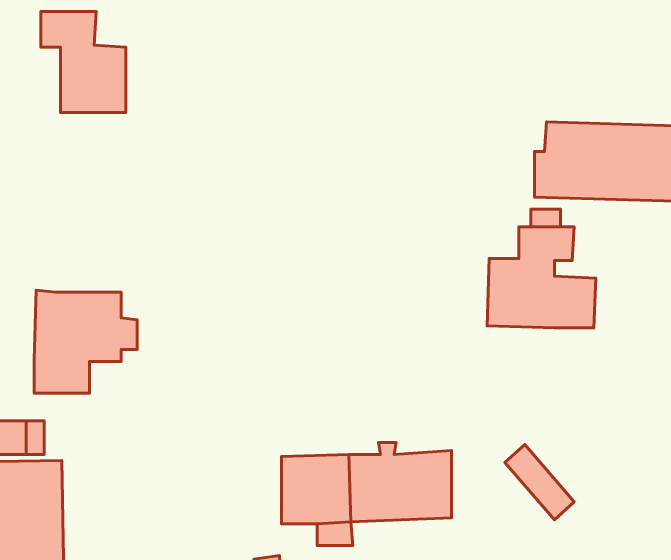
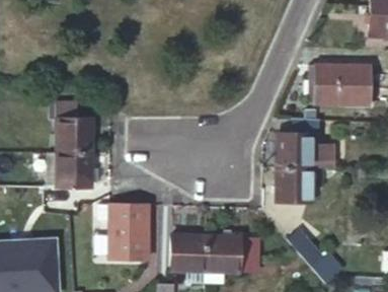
building: [41,12,126,113] -> [45,99,88,151]
building: none -> [275,168,310,204]
building: none -> [95,201,146,259]

